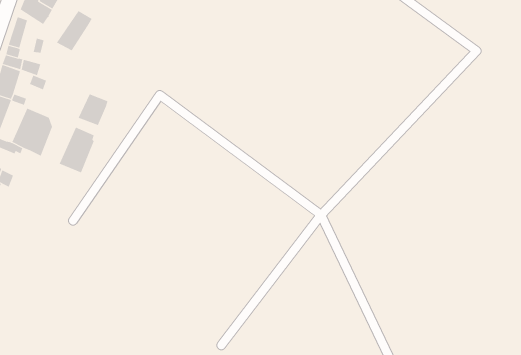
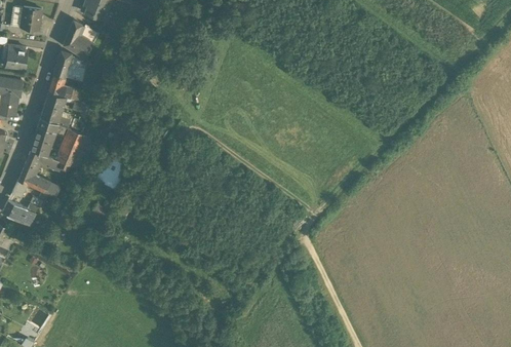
building: [56,10,92,51] -> none
building: [78,93,108,126] -> none

